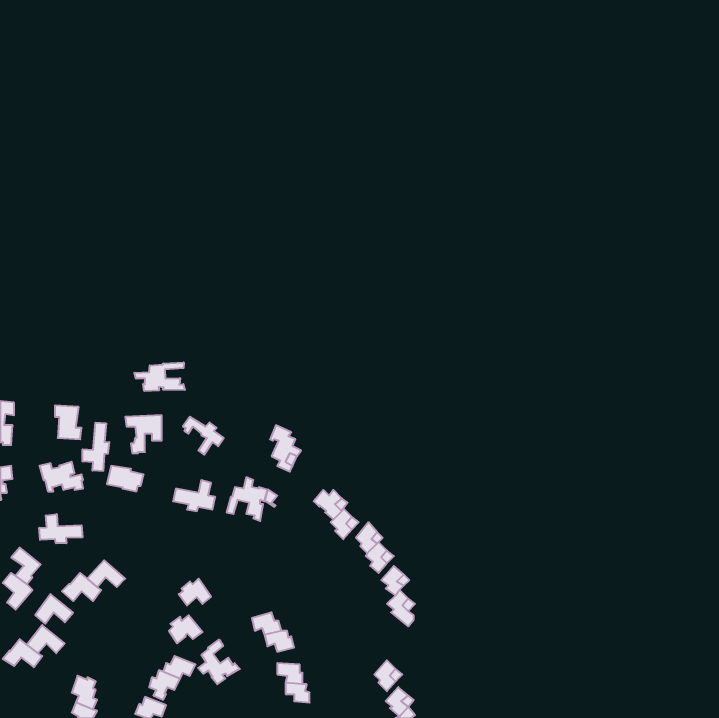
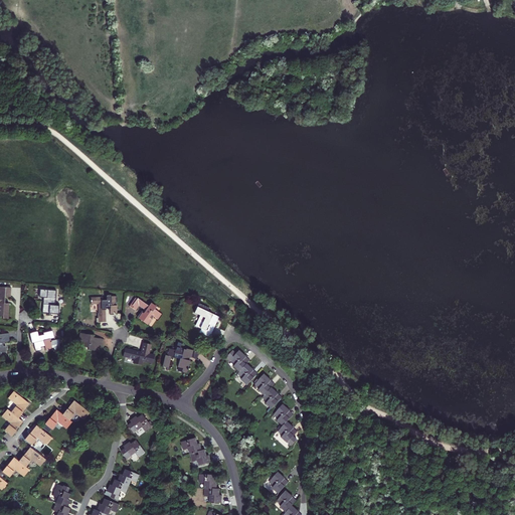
building: [134,362,185,391] -> none
building: [82,423,109,471] -> none
building: [39,514,82,543] -> none
building: [198,640,240,684] -> none

